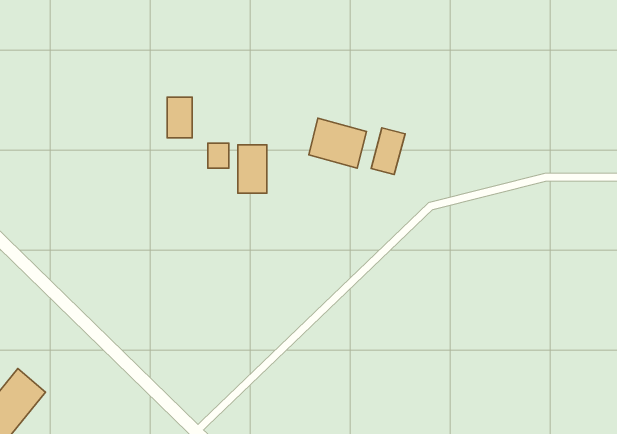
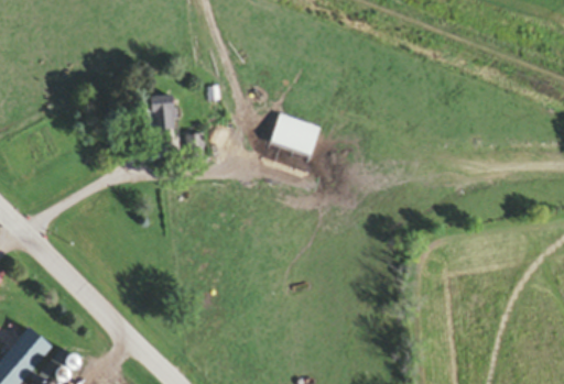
building: [371,128,405,175] -> none
building: [238,145,267,193] -> none

